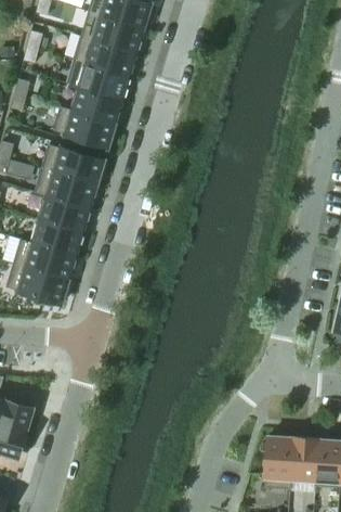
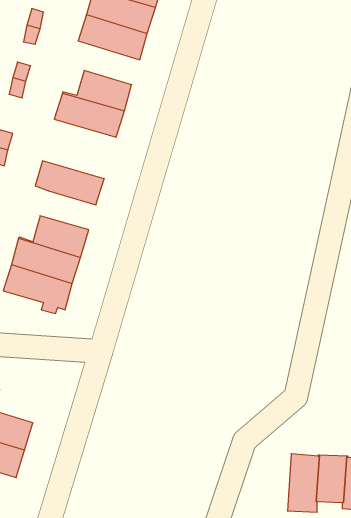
building: [67,60,130,100] -> none
building: [41,144,104,185] -> none
building: [39,196,90,232] -> none

